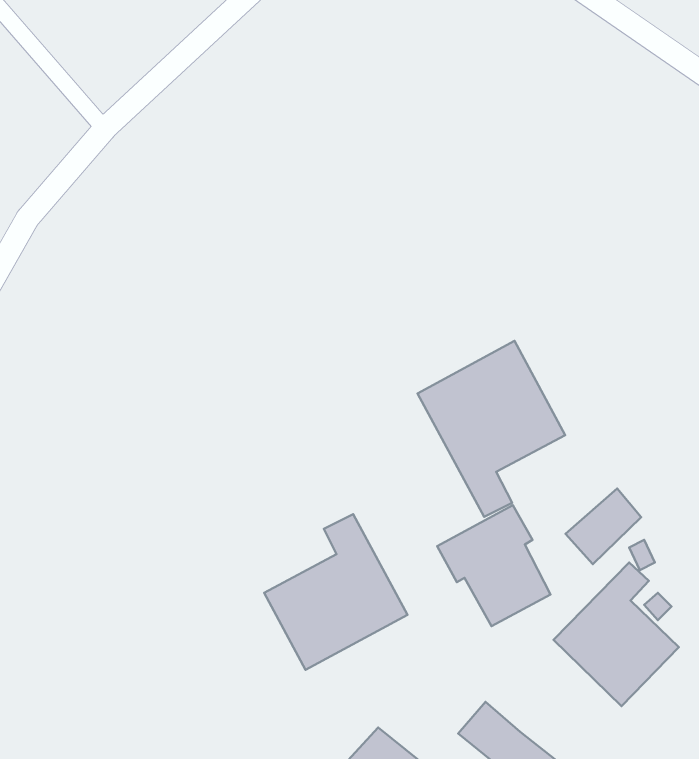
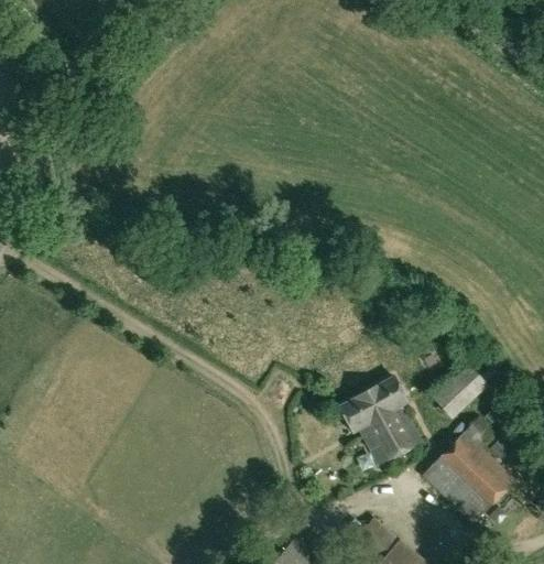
building: [417,341,565,517] -> none
building: [264,514,408,670] -> none

